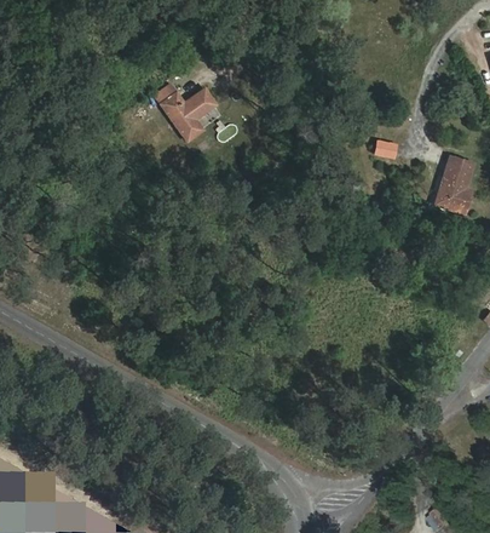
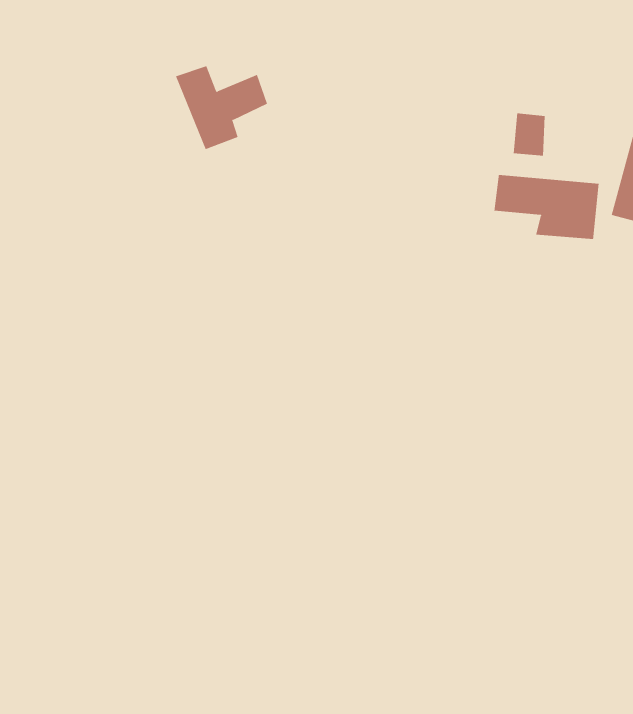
building: none -> [494,174,599,240]

